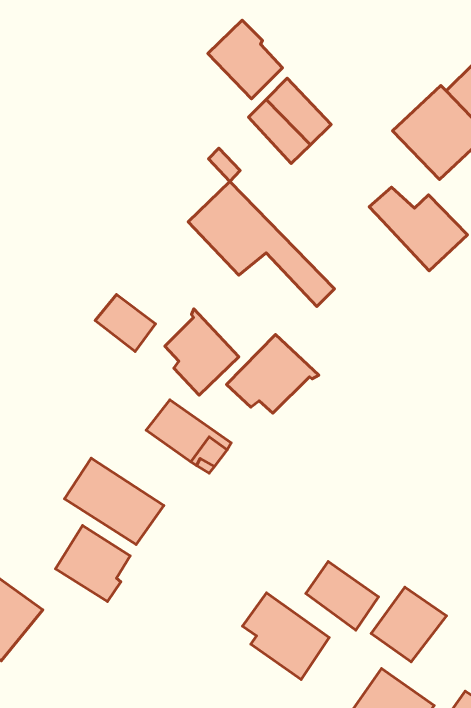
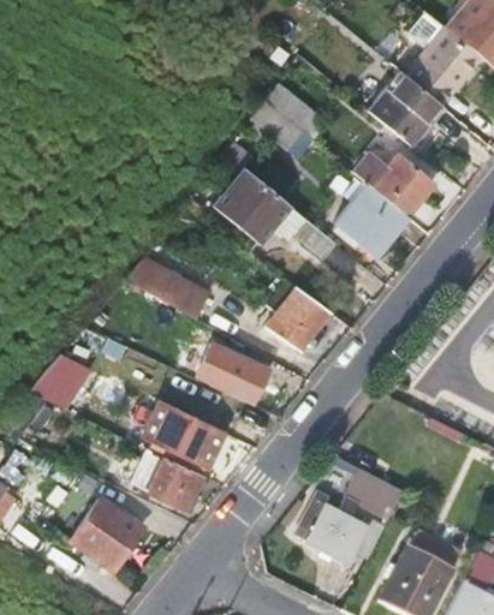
building: [208,20,283,99] -> none
building: none -> [334,185,410,259]
building: [165,309,239,395] -> none
building: [371,587,447,662] -> none

